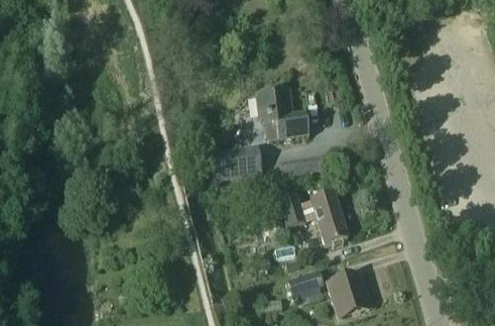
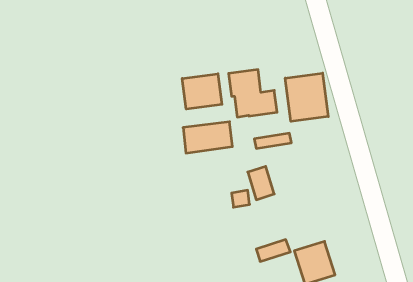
building: none -> [285,73,328,121]
building: none -> [182,74,222,109]
building: [311,191,347,243] -> none

